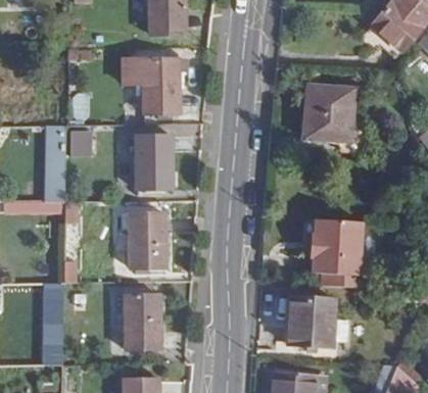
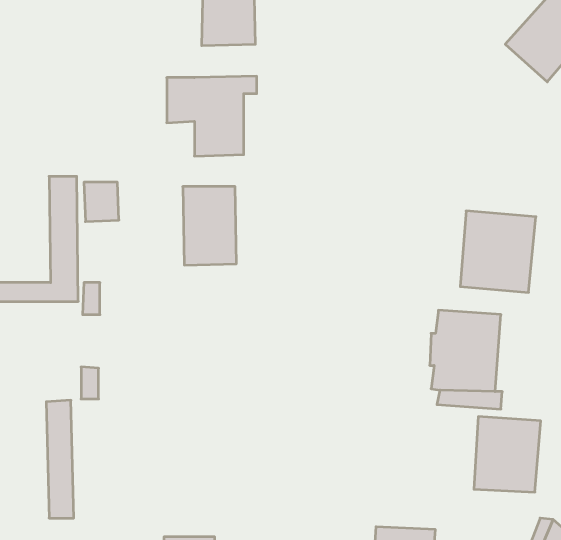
building: [302,86,355,143] -> [460,211,536,292]
building: [130,211,167,267] -> none
building: [127,293,162,349] -> none
building: [287,295,334,348] -> [474,417,541,492]

